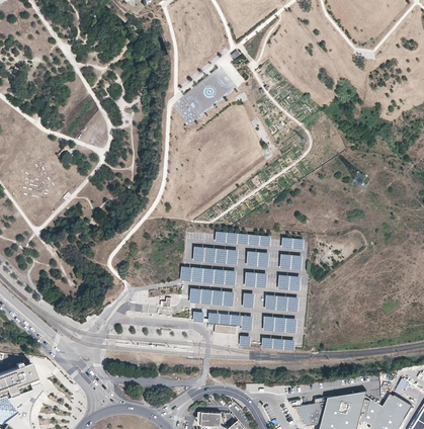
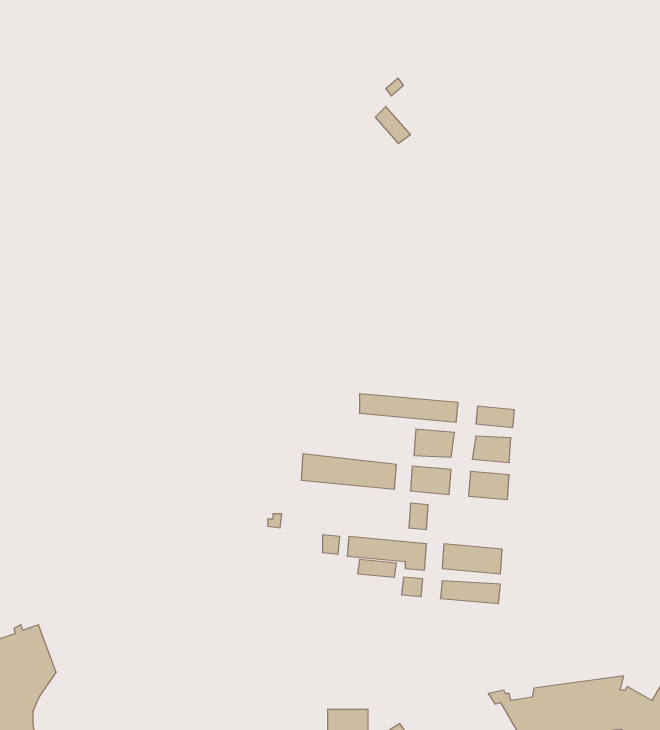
building: [193,248,238,265] -> none
building: [189,288,235,307] -> none
building: [264,295,299,313] -> none

